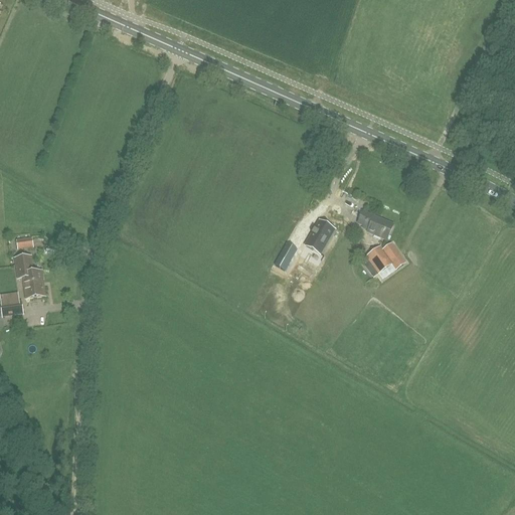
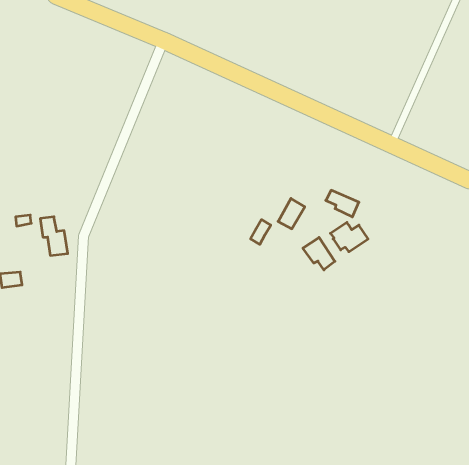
building: [15,253,45,296] -> [40,217,68,255]
building: none -> [303,237,335,270]

